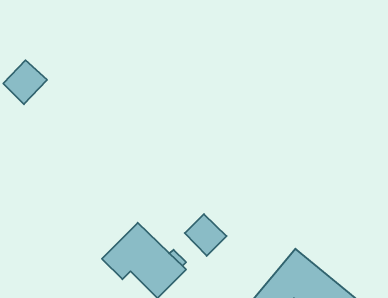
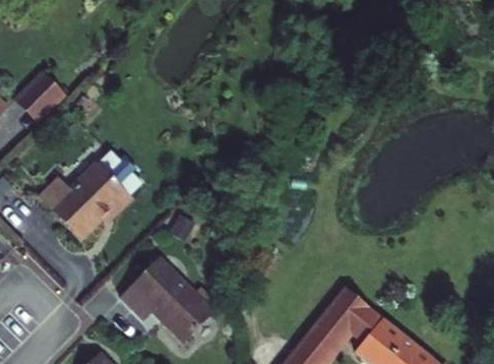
building: none -> [45,169,137,246]
building: [185,214,227,256] -> none

